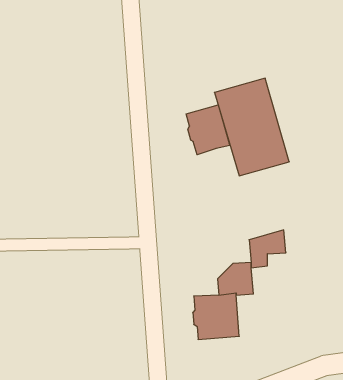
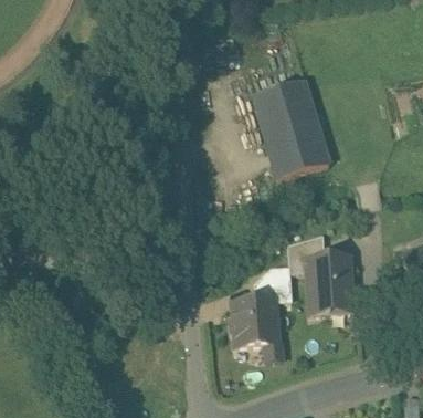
building: [186,105,230,155] -> none
building: none -> [306,259,352,314]

